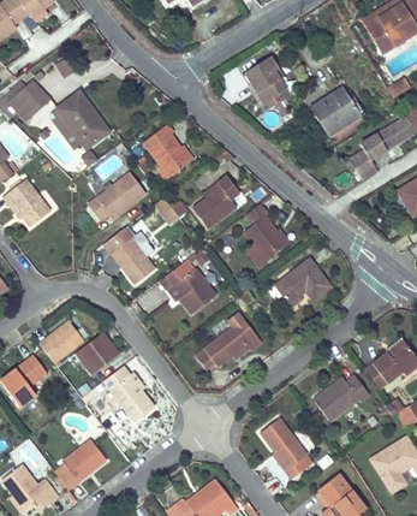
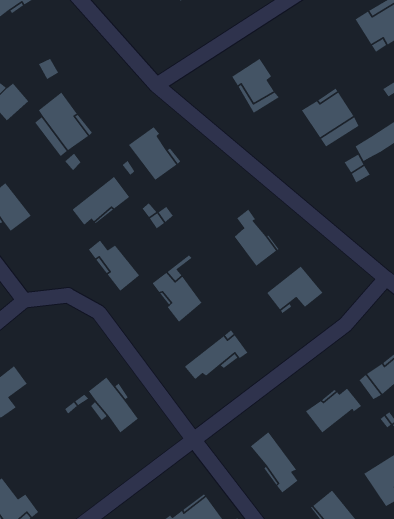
building: [192,176,239,227] -> none
building: [40,320,84,363] -> none
building: [77,333,120,374] -> none
building: [59,439,106,488] -> none

